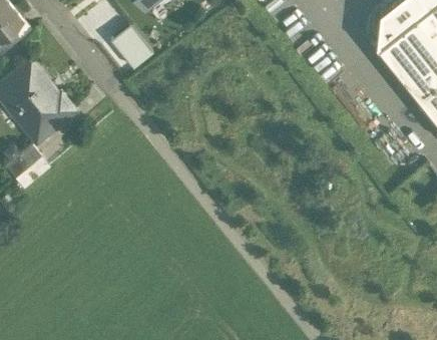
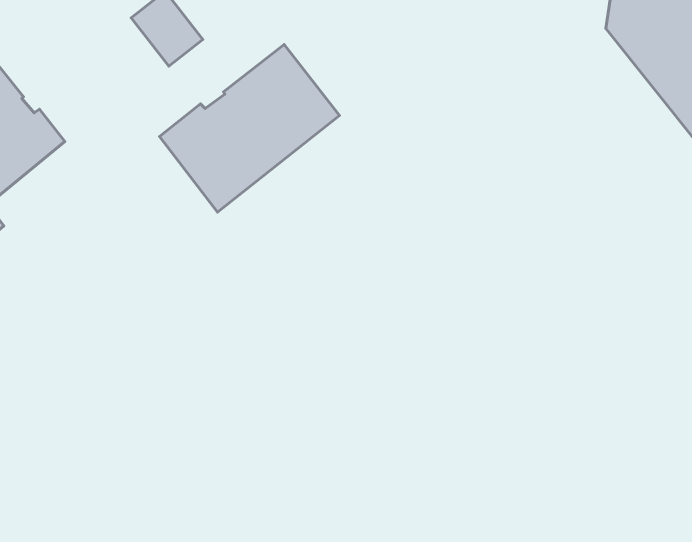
building: none -> [160,45,339,212]

